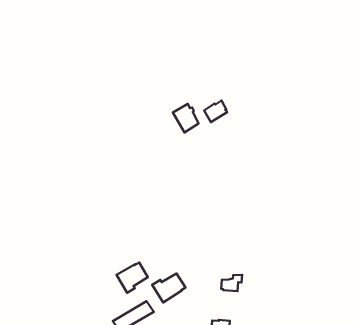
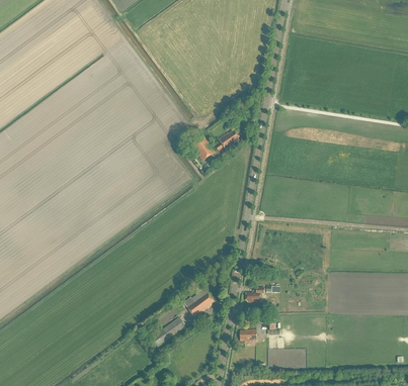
building: [116,262,148,293] -> none

